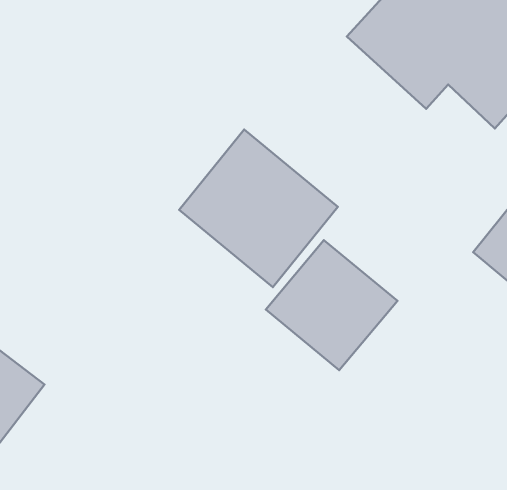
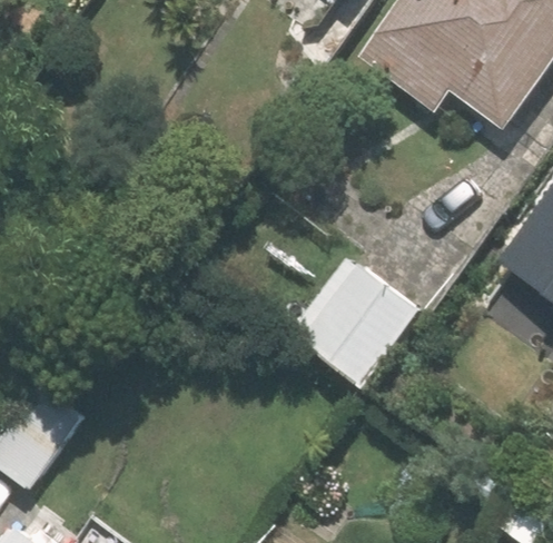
building: [179,129,338,287] -> none

